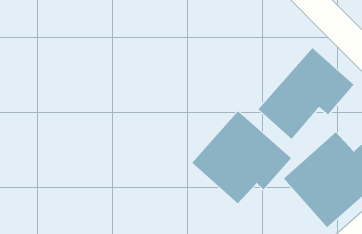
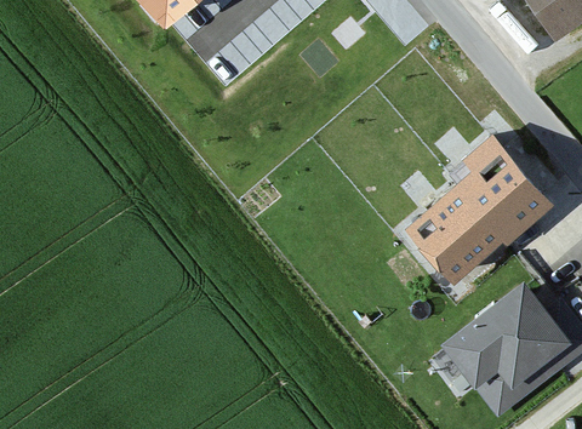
building: [192,111,292,204] -> none

